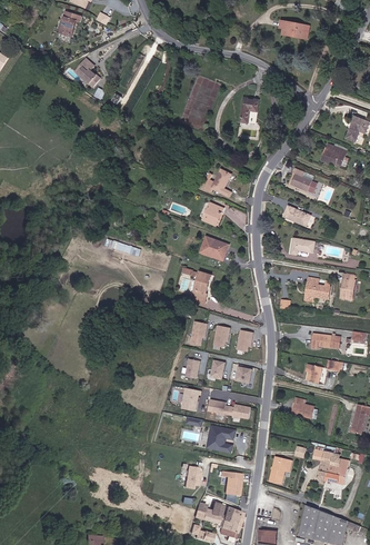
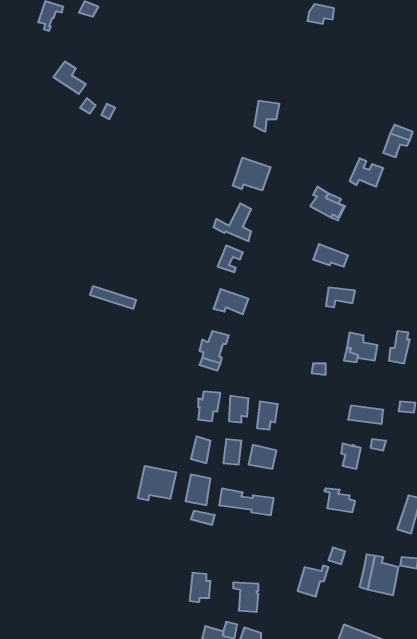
building: none -> [233,158,271,190]
building: none -> [138,466,176,501]
building: [210,427,237,454] -> none

